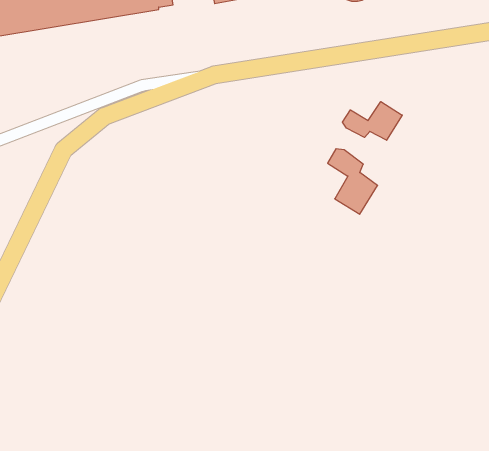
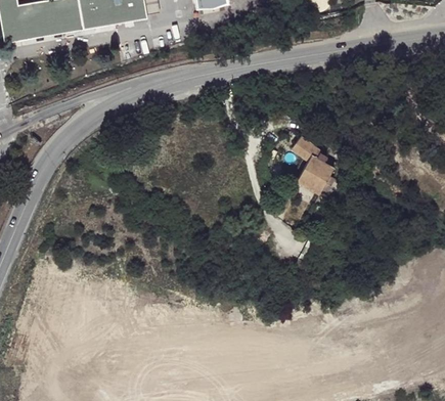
building: [342,102,402,140] -> none

